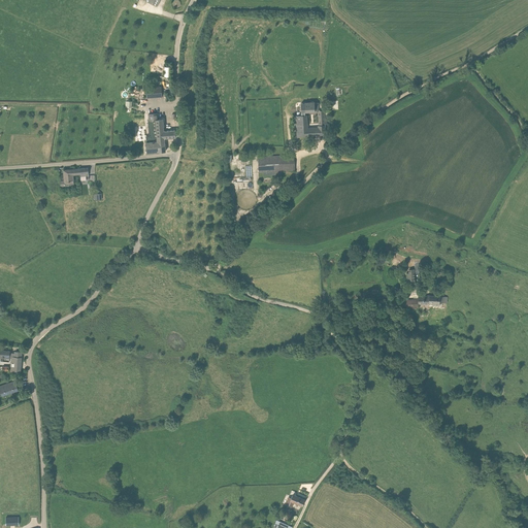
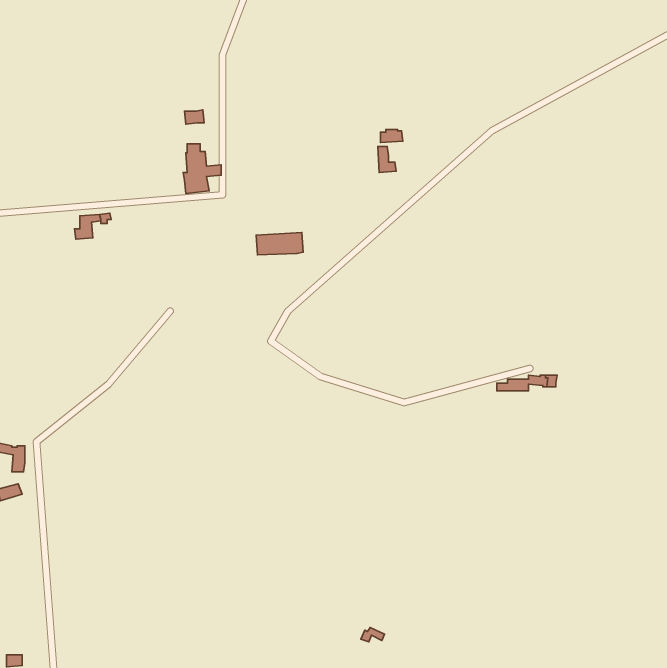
building: [257,155,294,172] -> [256,233,303,255]

